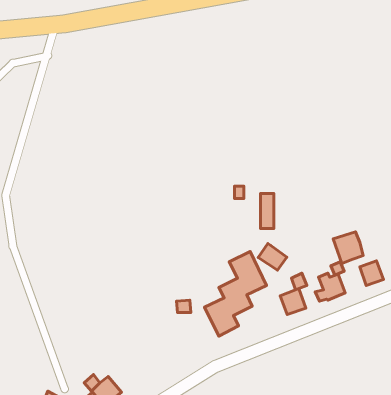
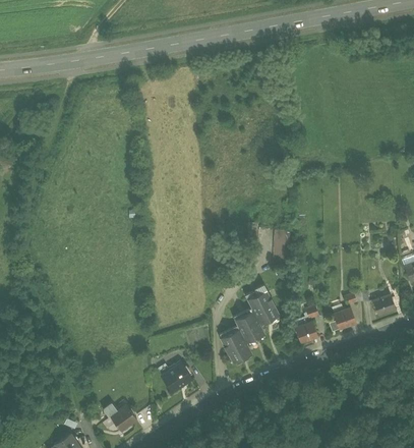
building: [333,232,363,263] -> none
building: [258,243,287,270] -> none
building: none -> [156,360,194,394]

